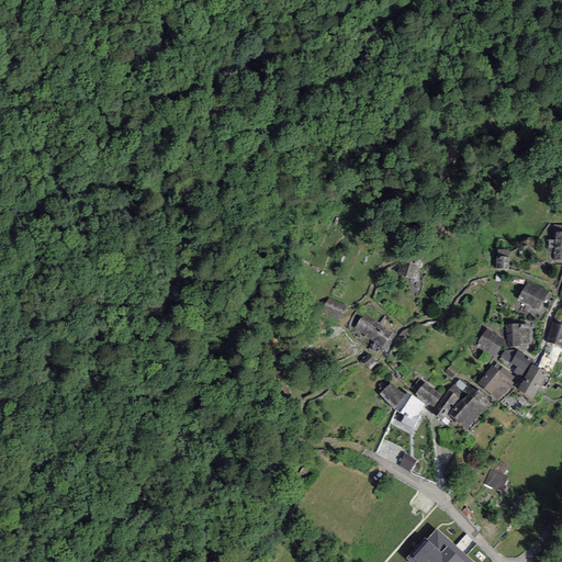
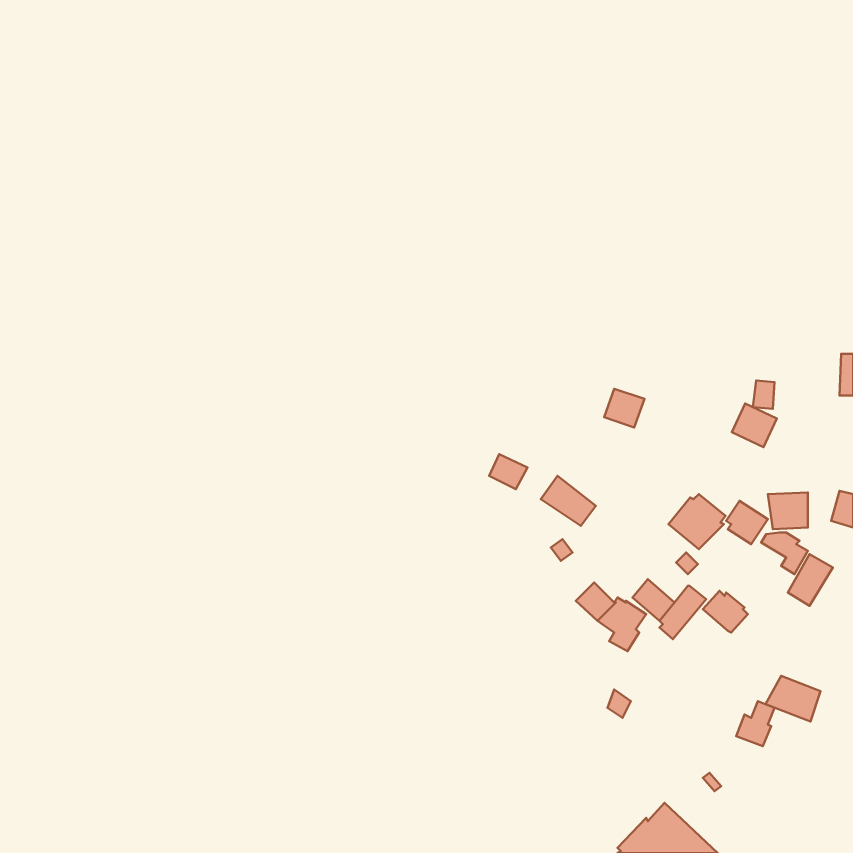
building: [518,281,548,310] -> [732,404,777,447]
building: [477,363,515,400] -> [669,494,725,549]
building: [449,401,479,430] -> none
building: none -> [766,676,820,722]

